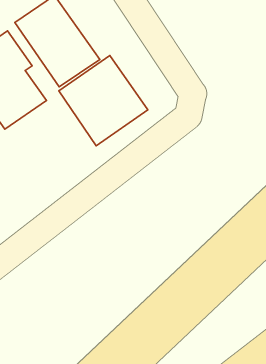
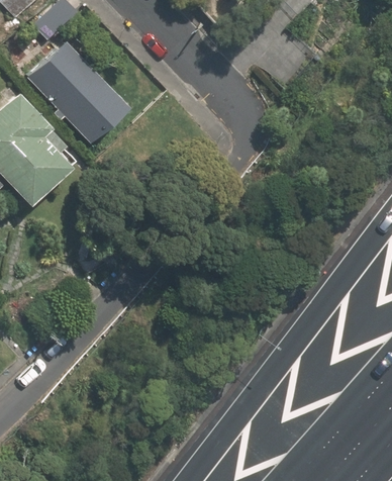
building: [59,56,148,146] -> none

